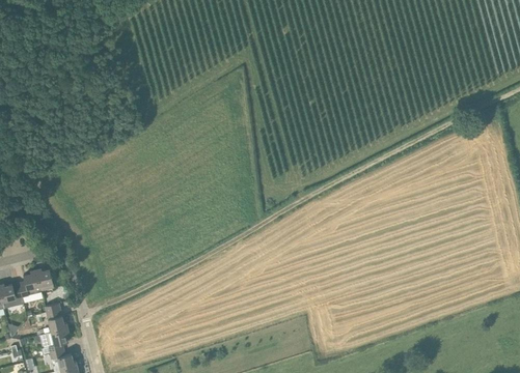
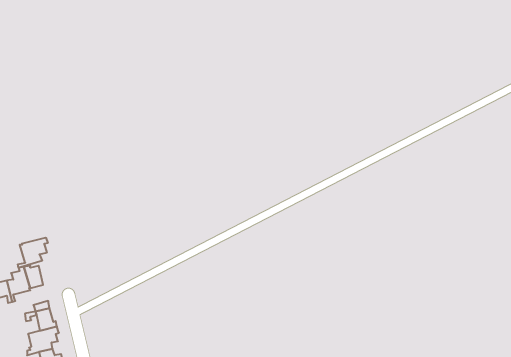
building: none -> [18,238,48,268]

